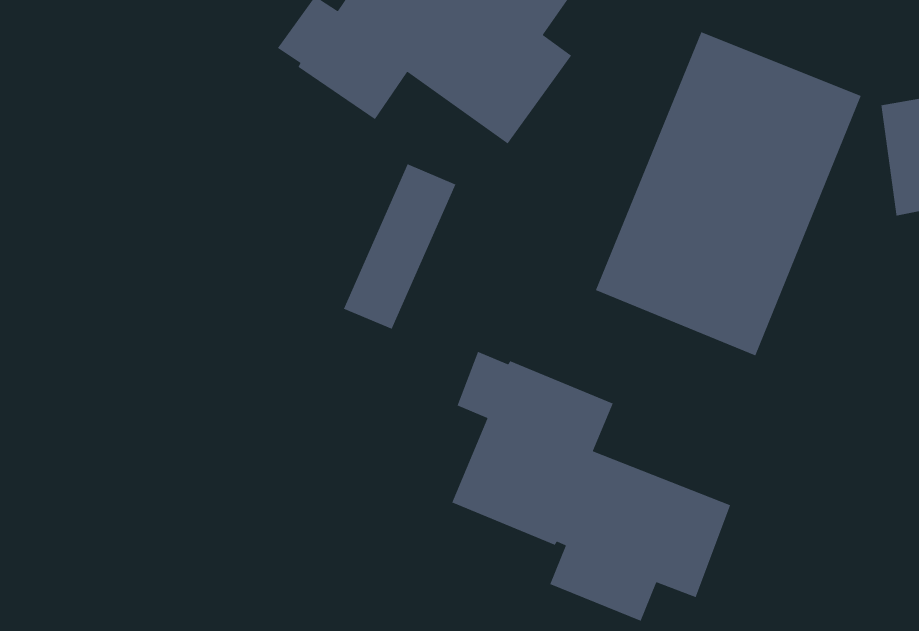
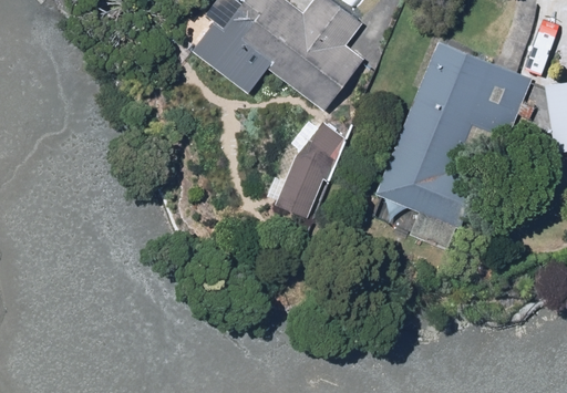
building: [343,163,456,330] -> [279,123,346,220]
building: [451,351,731,622] -> none

